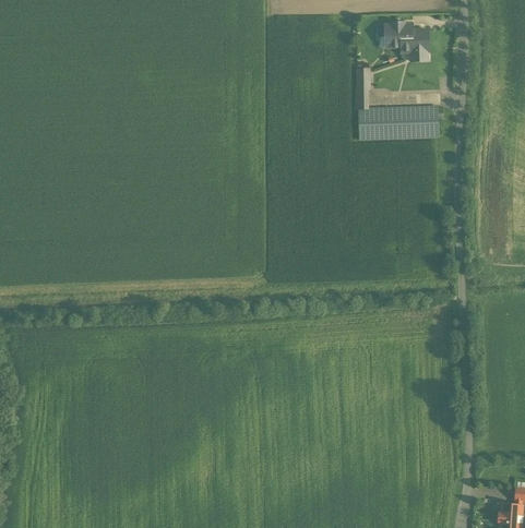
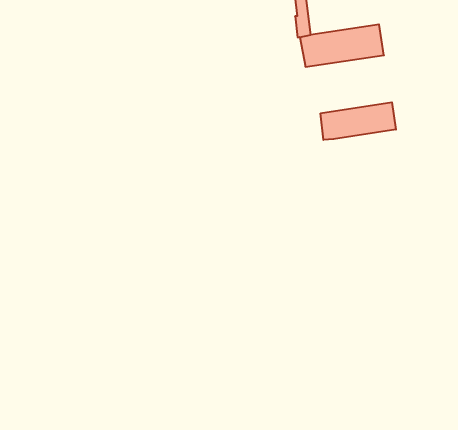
building: none -> [321,102,396,140]

